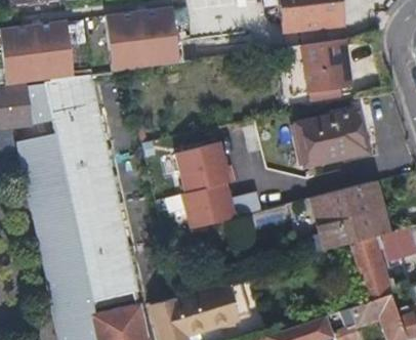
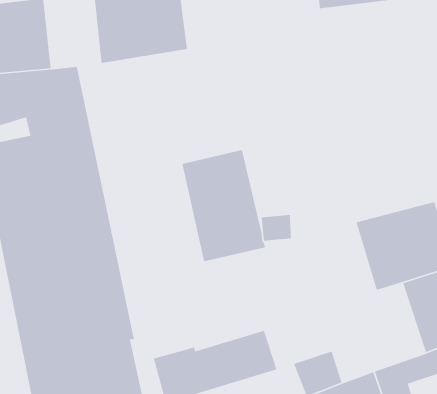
building: [292,39,353,99] -> none
building: [299,113,368,167] -> none

